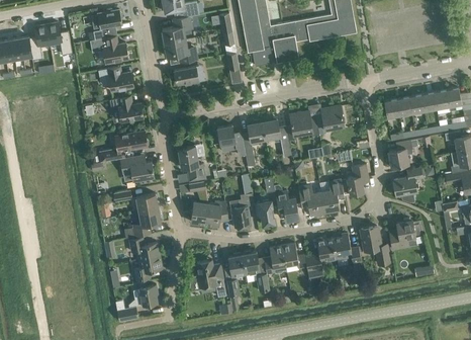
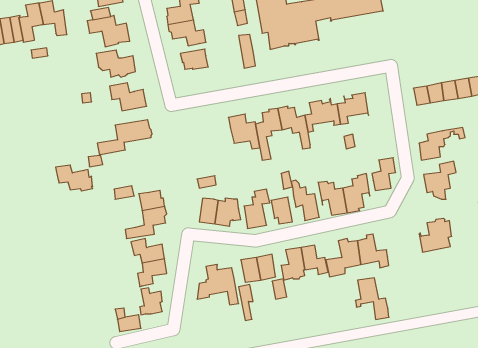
building: [179,144,205,180] -> none
building: [120,157,154,180] -> [56,165,93,191]
building: [360,227,390,264] -> [355,278,389,319]

